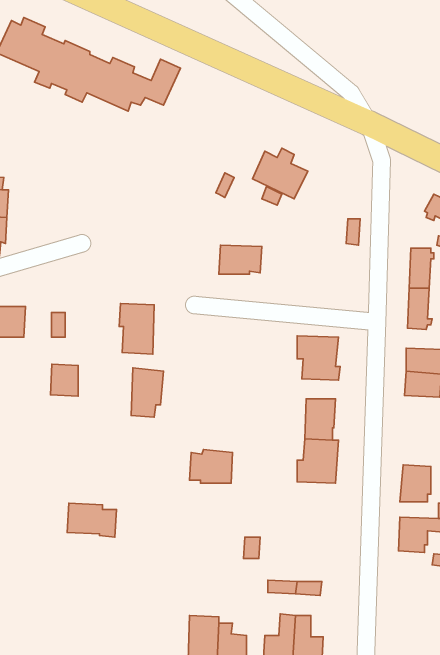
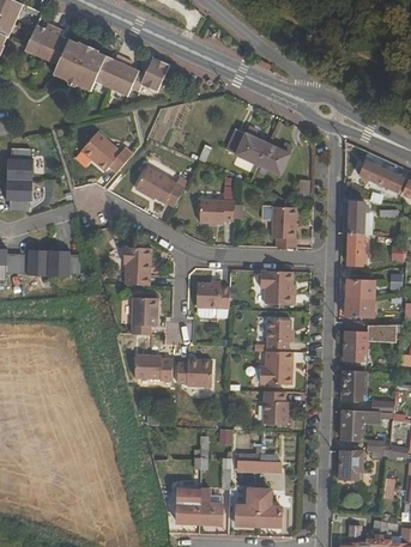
building: none -> [79,129,133,172]
building: none -> [258,141,294,174]
building: none -> [134,166,183,206]
building: none -> [271,206,296,248]
building: none -> [194,282,229,317]
building: [50,364,78,396] -> [47,248,68,273]
building: none -> [343,322,365,360]
building: none -> [261,391,288,425]
building: [67,503,116,537] -> [132,354,170,381]
building: none -> [338,451,362,480]

